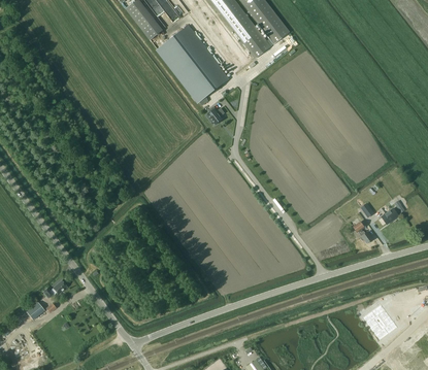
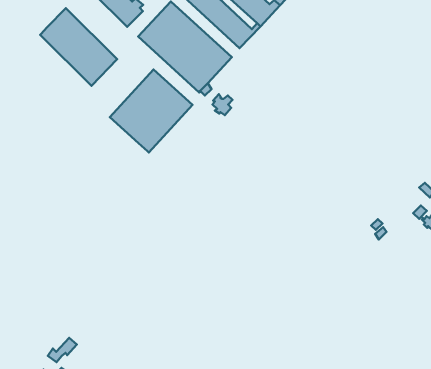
building: none -> [40,8,117,86]
building: none -> [110,70,192,152]

